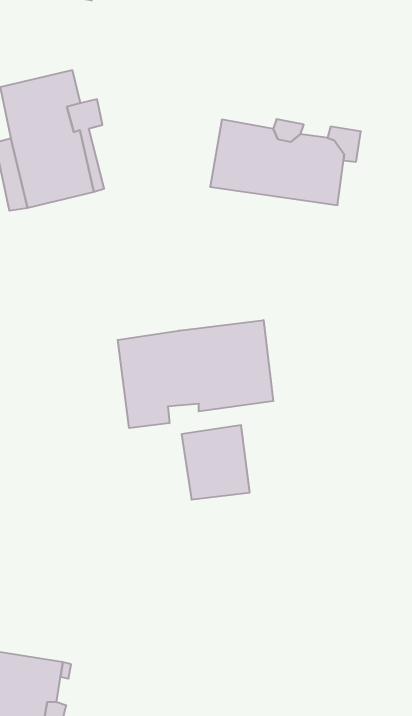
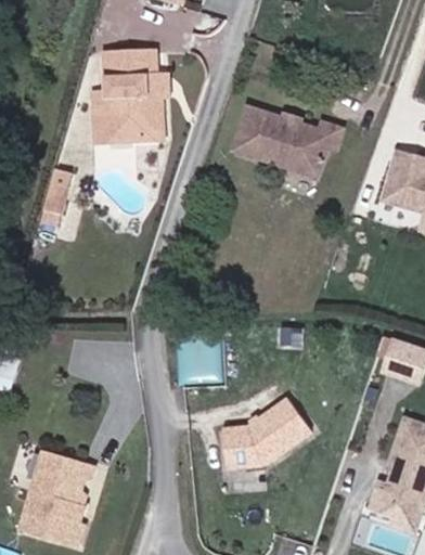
building: [118,320,273,428] -> none
building: none -> [220,395,309,464]

